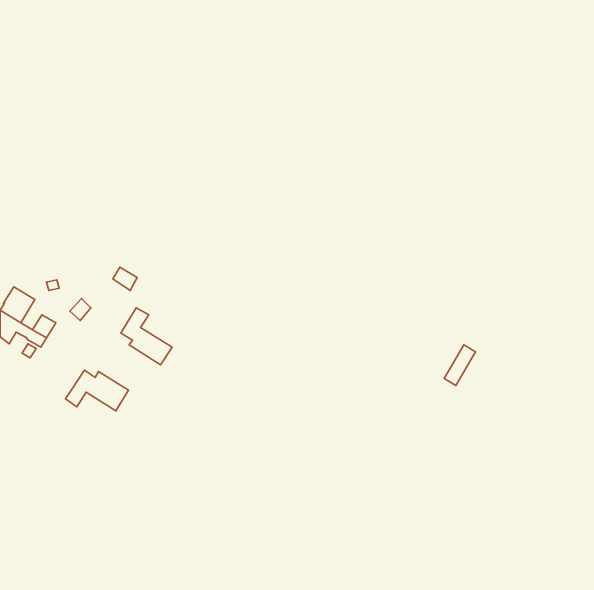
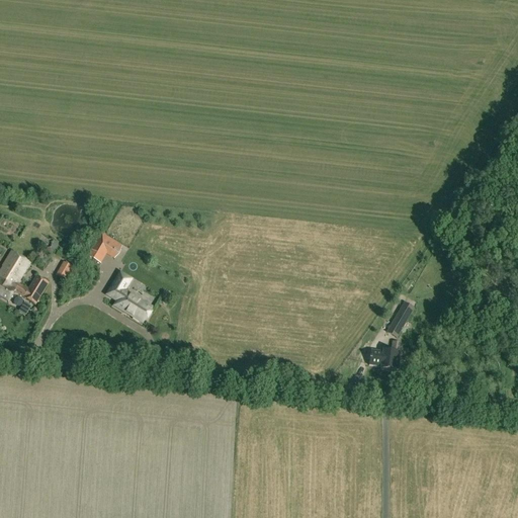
building: [66,370,128,411] -> none
building: none -> [381,340,401,369]

